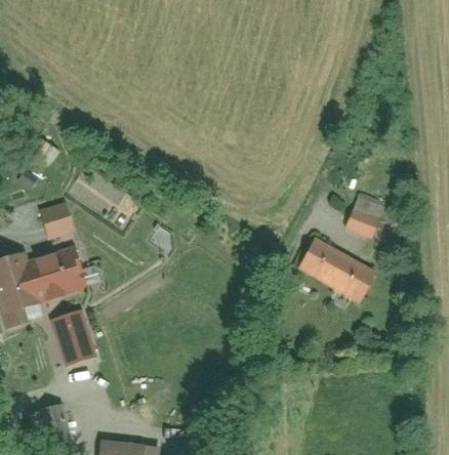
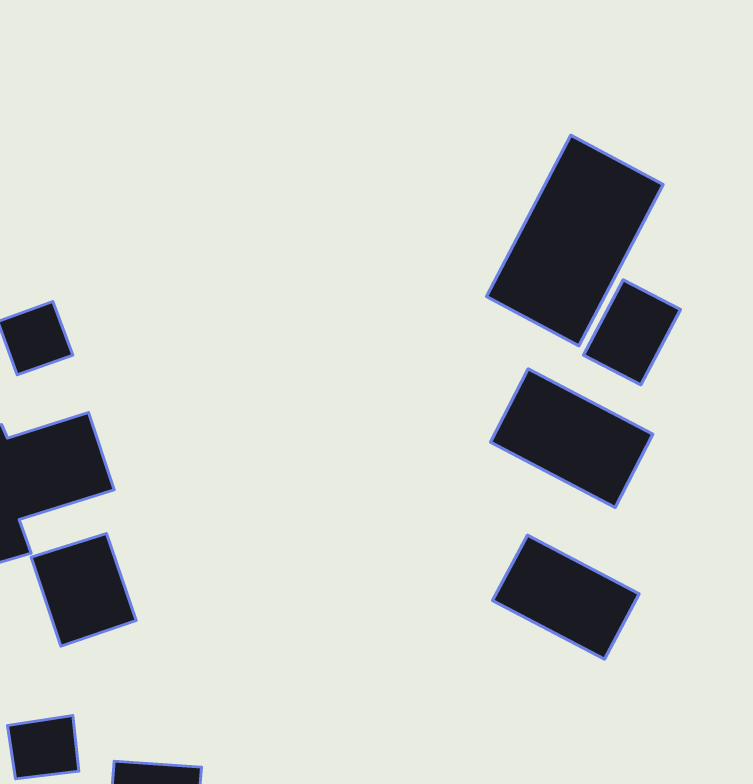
building: none -> [486,135,663,346]
building: none -> [492,535,639,659]

